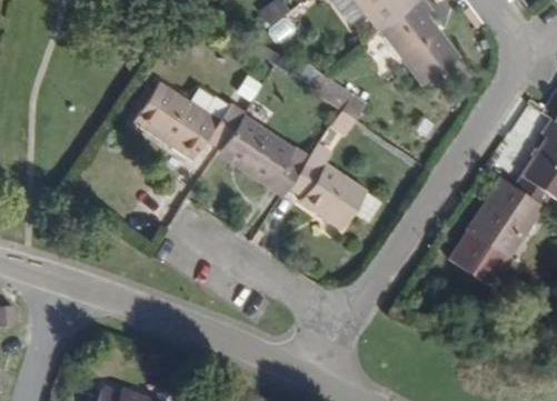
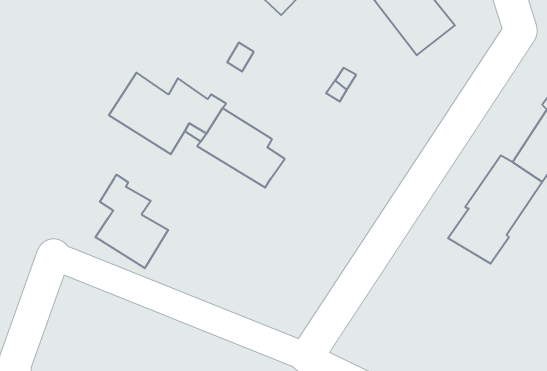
building: [282,152,358,239] -> none
building: none -> [95,175,168,268]

